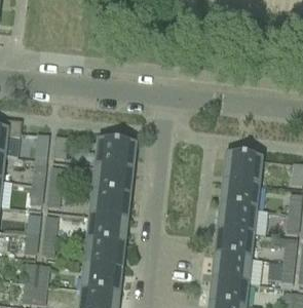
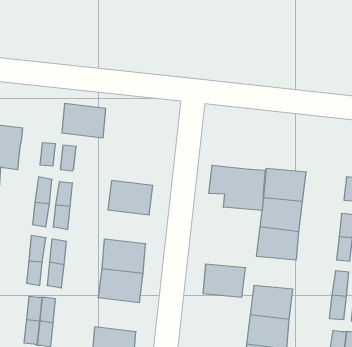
building: [97,140,134,168] -> [62,104,106,138]
building: none -> [209,165,265,210]
building: [90,189,128,218] -> none
building: [217,228,253,256] -> [203,264,246,297]
building: [82,263,120,292] -> none

